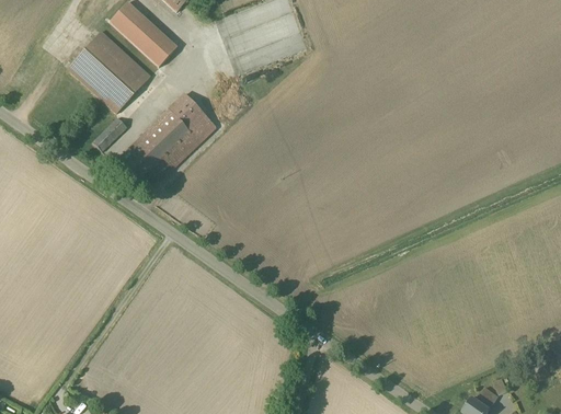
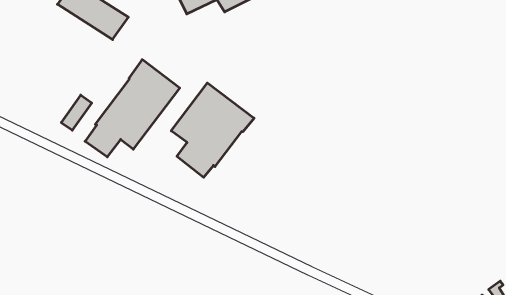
building: [66,31,151,114] -> none
building: none -> [171,83,254,177]

